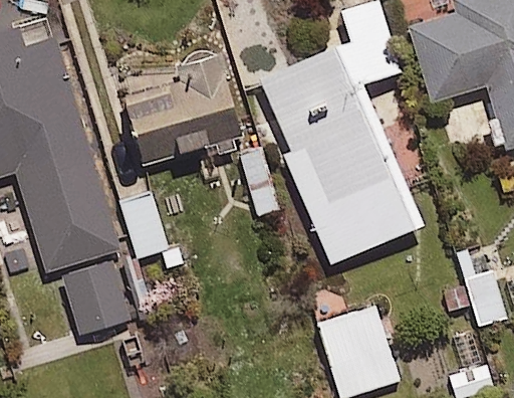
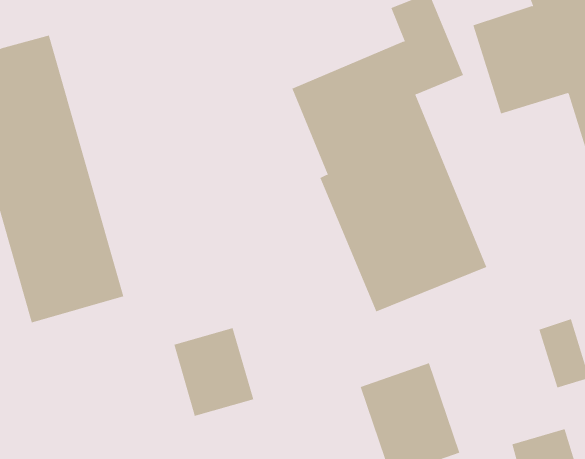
building: [122,57,243,165] -> none
building: [62,261,128,335] -> [173,327,254,417]

